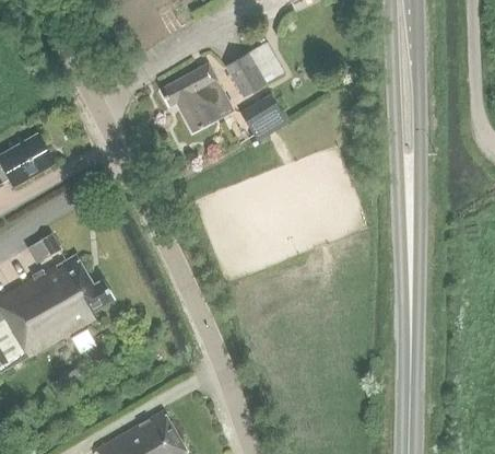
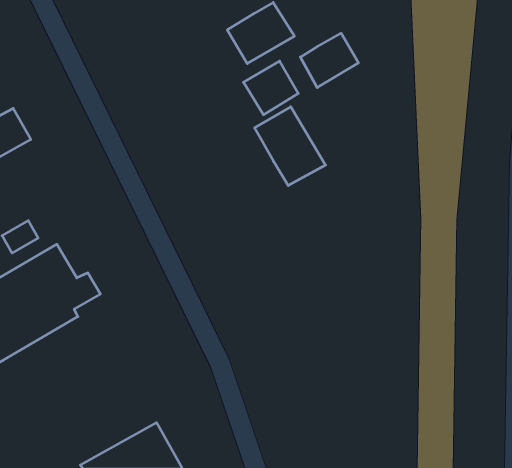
building: [160,63,232,132] -> none
building: none -> [300,33,358,88]
building: none -> [255,107,326,186]

